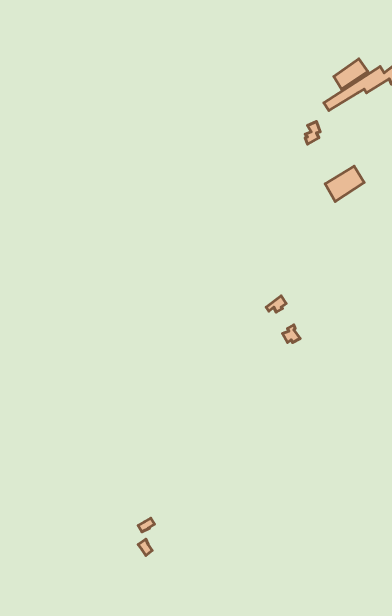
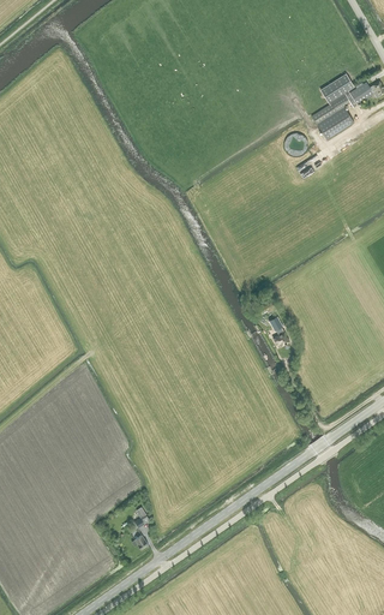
building: [325,166,364,201] -> [316,107,353,141]

